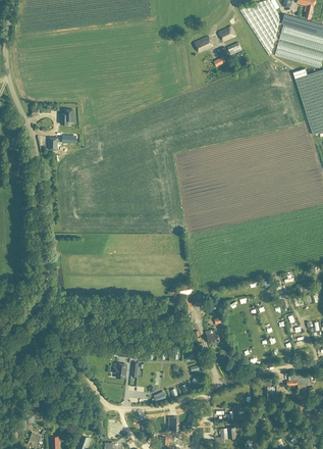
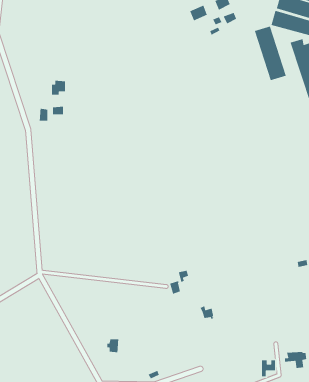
building: none -> [254,26,287,81]

